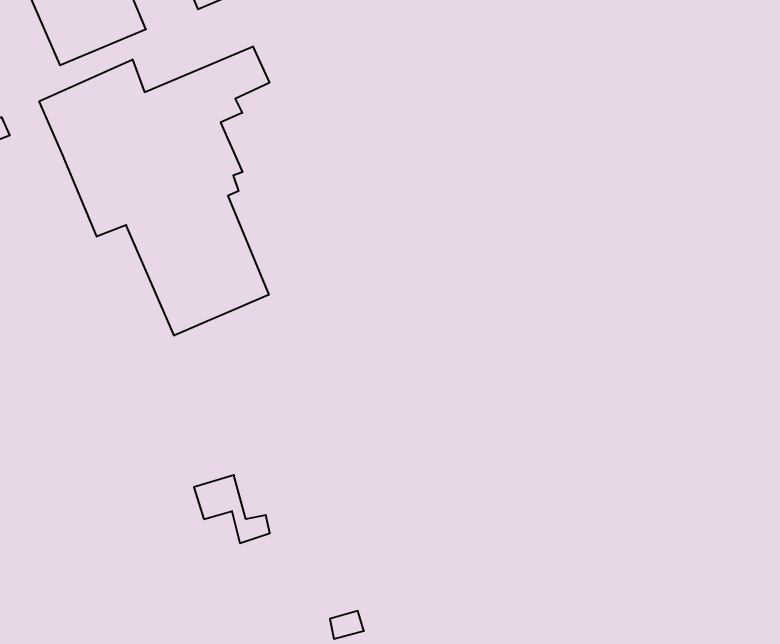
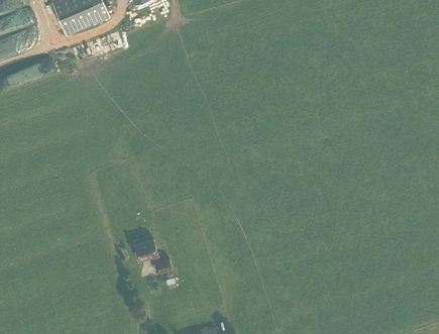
building: [39,46,269,336] -> none

